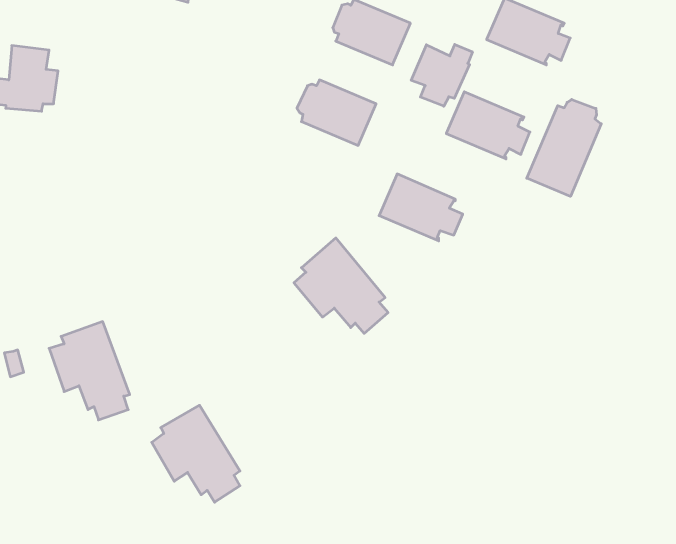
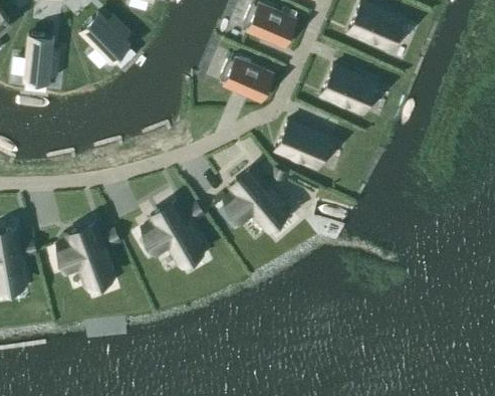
building: none -> [83,13,132,65]
building: [411,44,472,106] -> none
building: [527,99,601,196] -> none
building: [152,405,240,502] -> [141,199,200,264]

